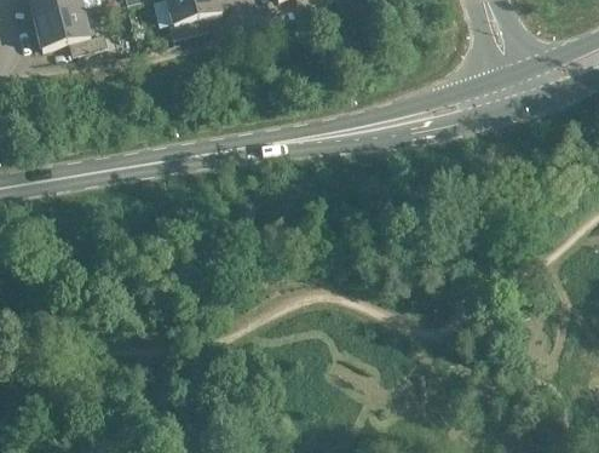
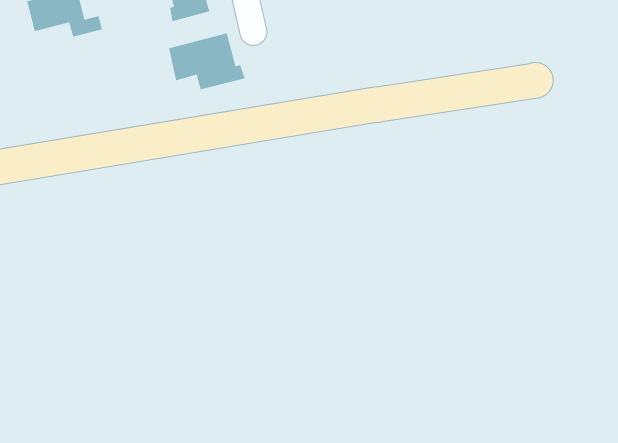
building: none -> [168,33,246,90]

